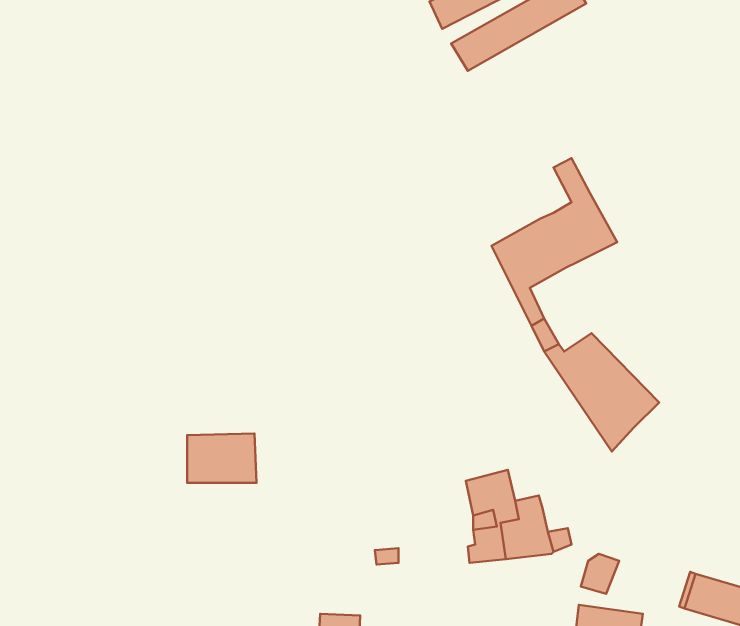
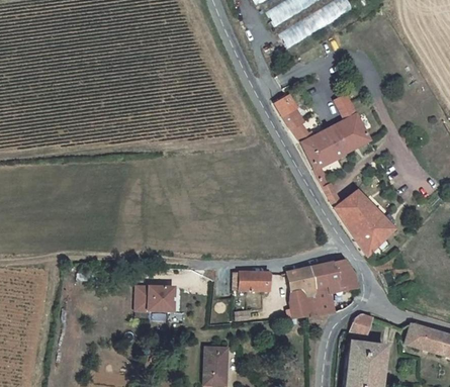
building: none -> [276,95,304,128]
building: [187,433,256,483] -> [134,283,173,310]
building: none -> [310,258,357,288]
building: none -> [235,272,268,290]

